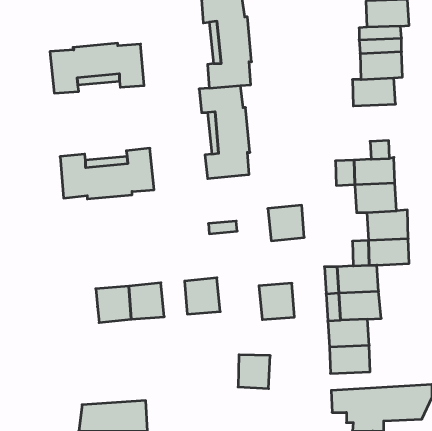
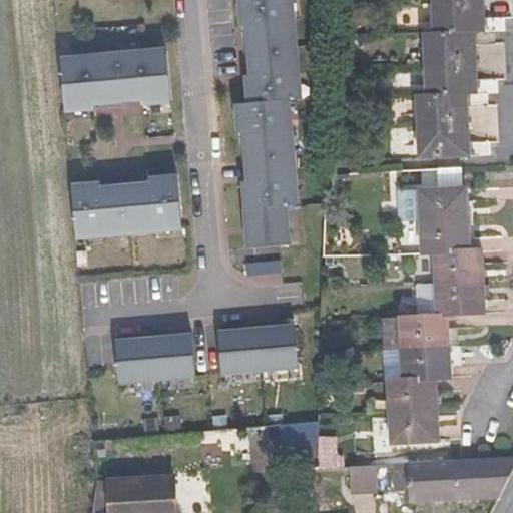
building: none -> [418,123,469,156]
building: [268,205,304,241] -> [245,207,289,249]
building: [259,283,294,320] -> [256,326,299,369]
building: none -> [348,463,377,492]

